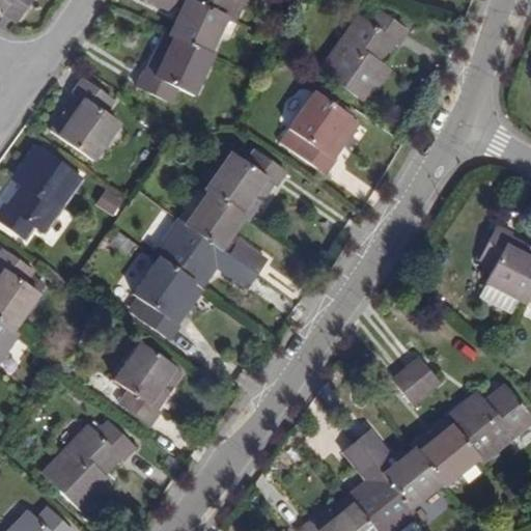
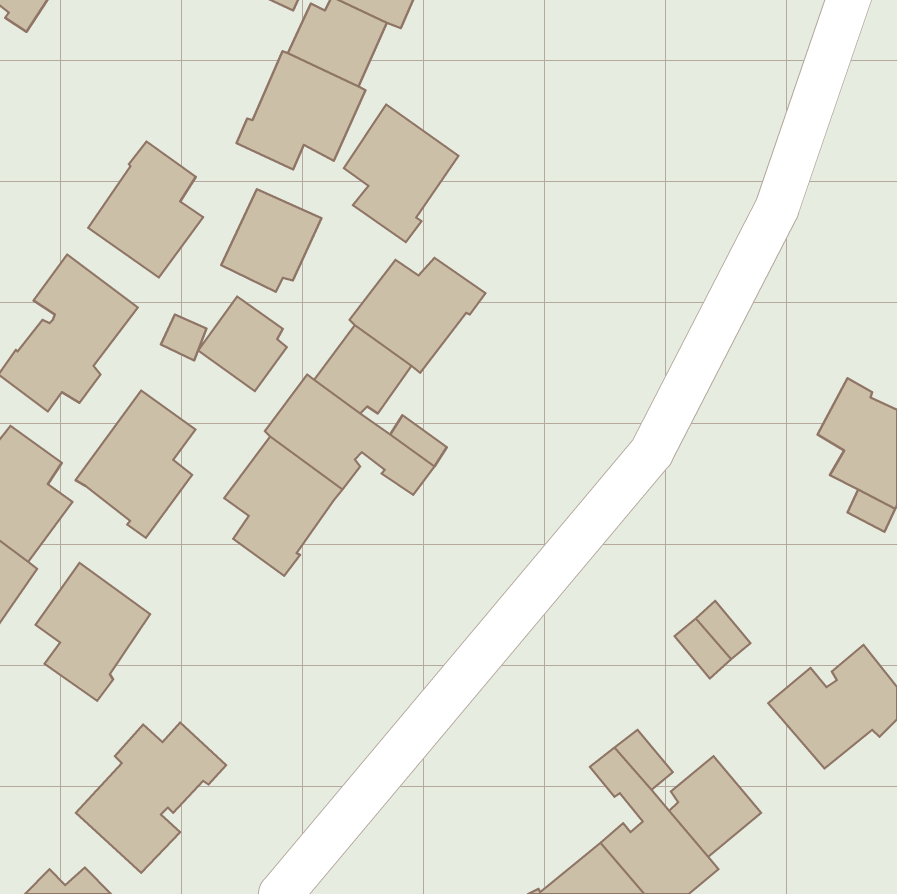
building: [324,8,409,102] -> none
building: [287,88,355,169] -> [344,104,459,242]
building: none -> [221,189,322,292]
building: none -> [198,296,287,391]
building: none -> [76,391,196,538]
building: [112,344,179,425] -> [36,563,150,701]
building: [417,413,484,480] -> none

